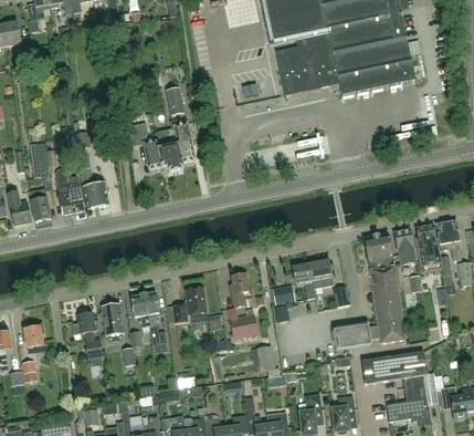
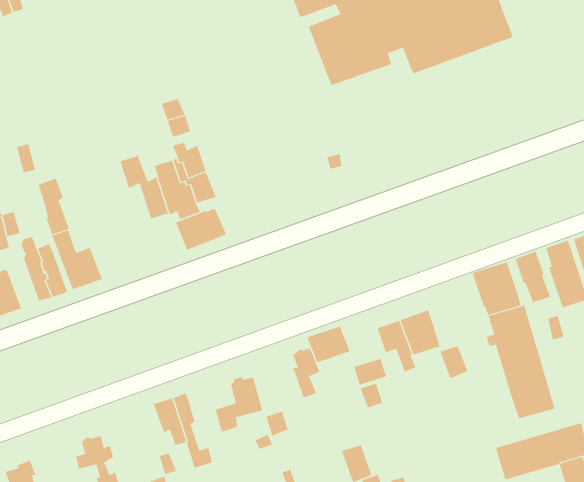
building: none -> [175,208,227,250]
building: [101,302,124,335] -> none
building: [230,314,259,338] -> [307,326,350,363]
building: [334,324,380,349] -> none

